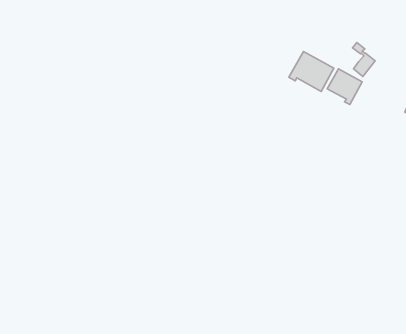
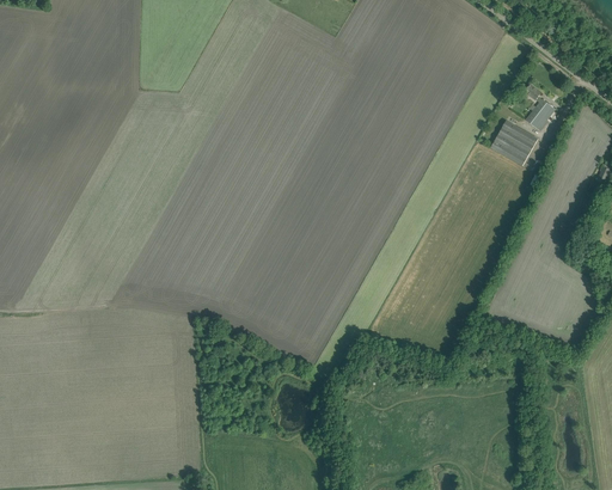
building: [289,51,334,91] -> none

